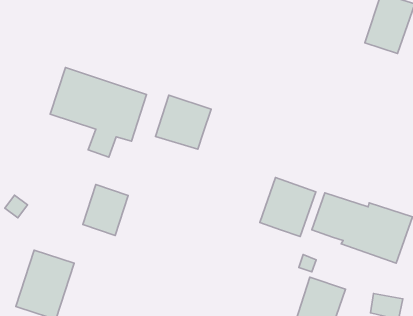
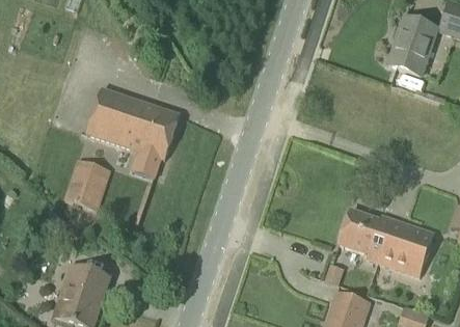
building: [155,95,211,149] -> none
building: [260,178,316,237] -> none
building: [83,185,128,235] -> [65,160,109,209]

